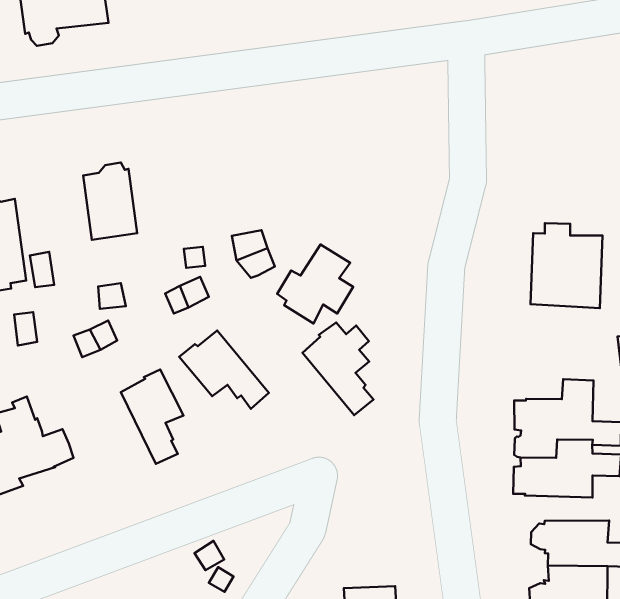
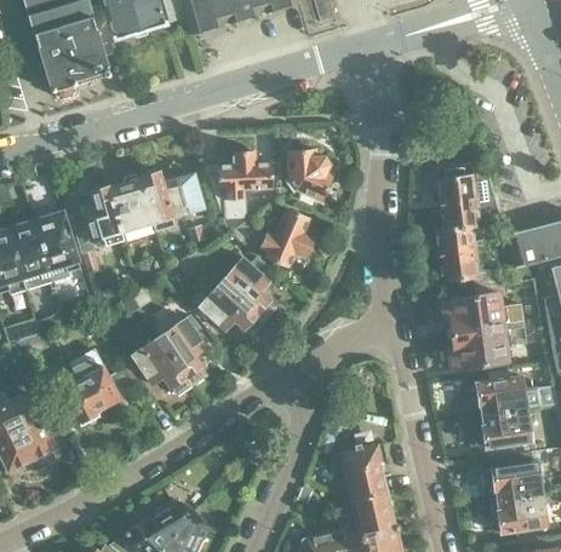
building: none -> [219,151,271,197]
building: none -> [281,150,333,201]
building: none -> [142,172,205,229]
building: none -> [81,186,125,245]
building: none -> [436,225,483,280]
building: [303,322,374,415] -> [223,257,279,321]
building: none -> [132,337,194,393]

